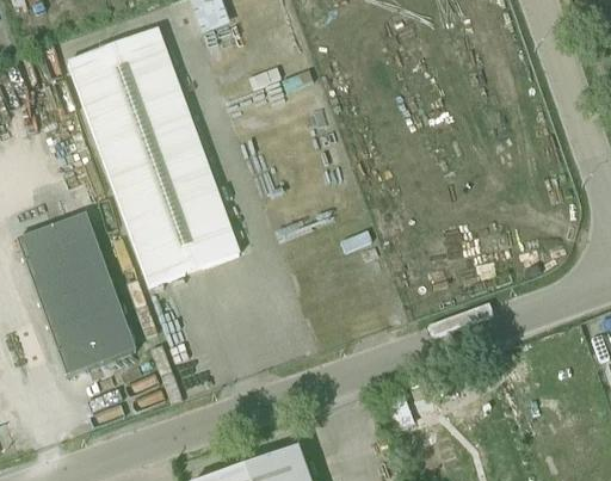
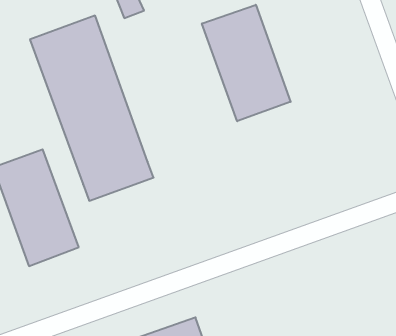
building: none -> [202,5,291,121]

